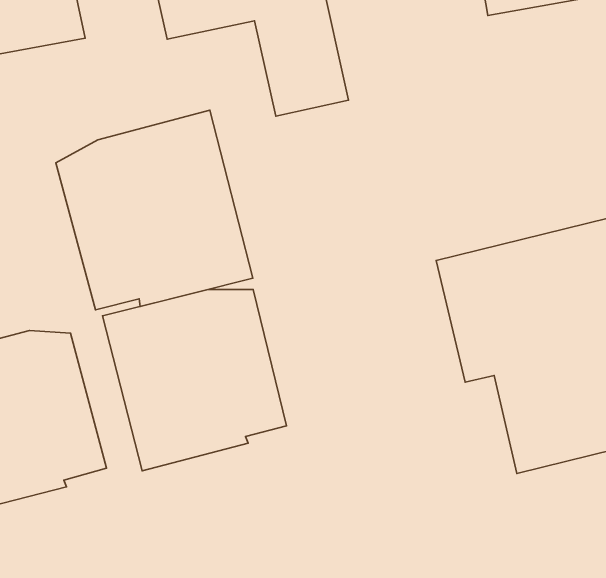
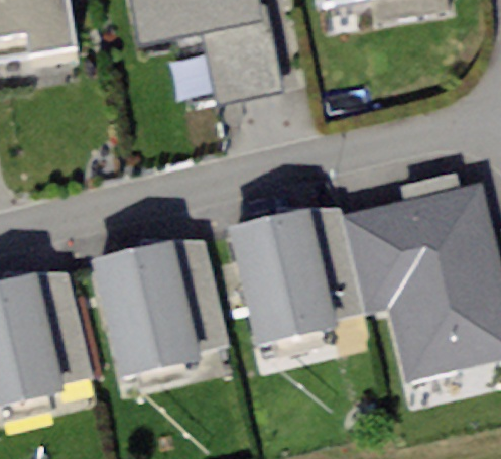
building: [56,110,253,310] -> none
building: none -> [229,204,367,345]

